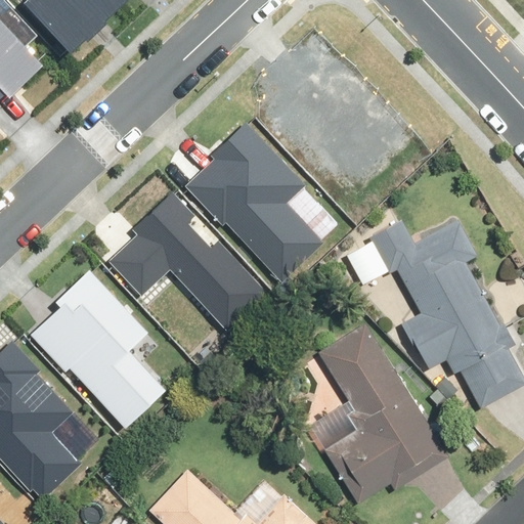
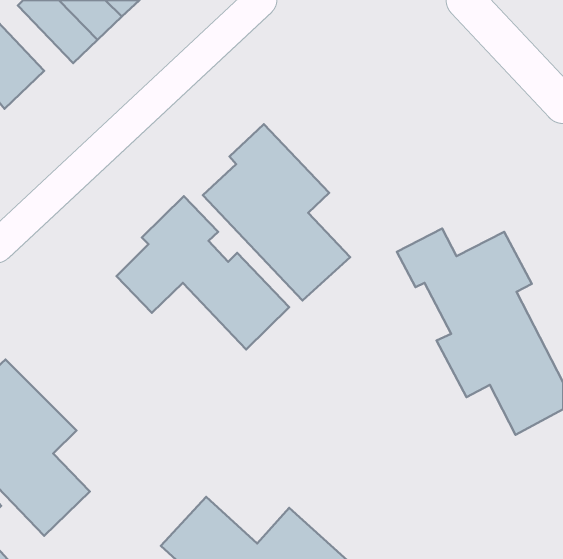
building: [27,269,159,425] -> none
building: [310,324,449,510] -> none

